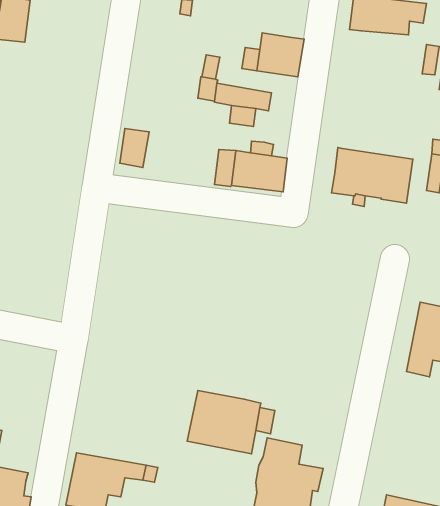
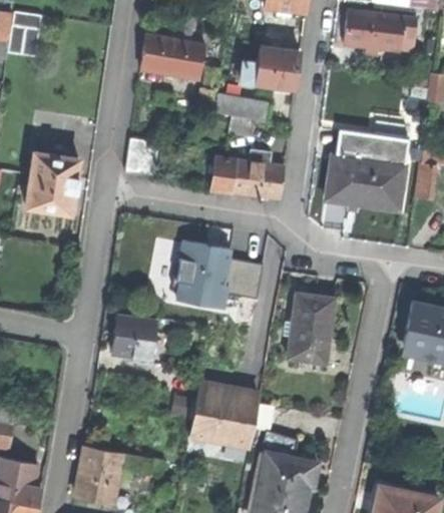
building: none -> [140,34,204,79]
building: none -> [337,130,408,166]
building: none -> [25,152,78,213]
building: none -> [172,240,264,308]
building: none -> [287,293,334,362]
building: none -> [111,314,156,359]

